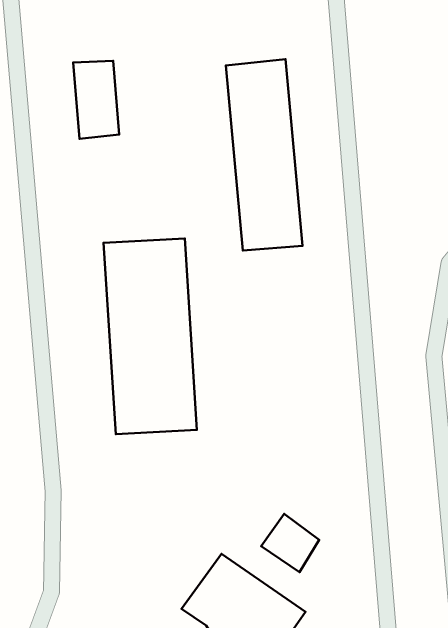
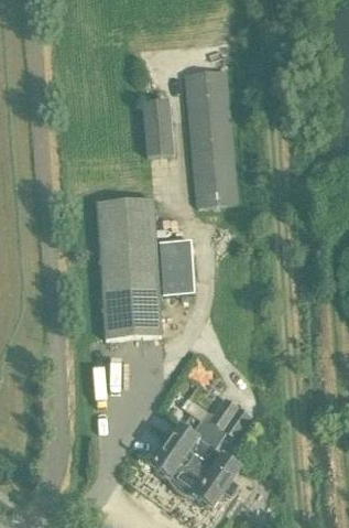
building: [73,61,119,139] -> [142,100,175,157]
building: none -> [161,237,192,291]

